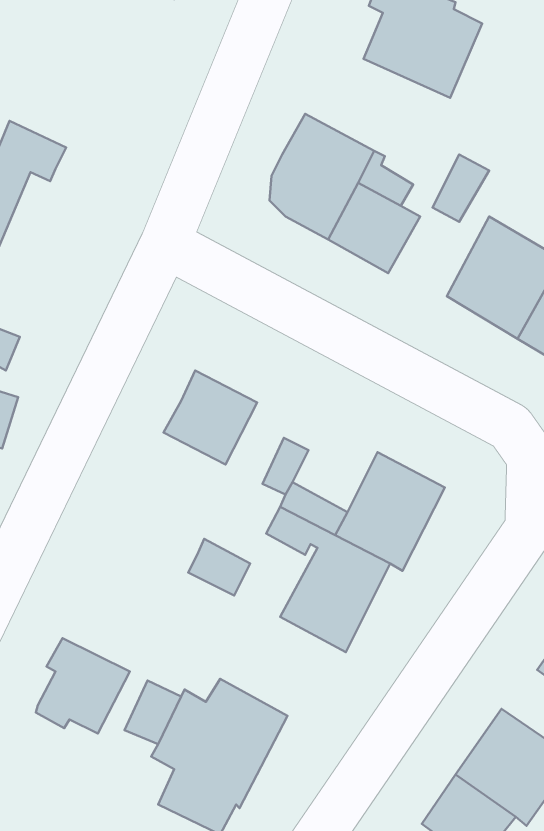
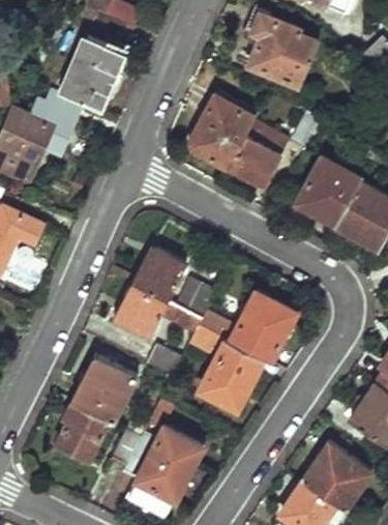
building: none -> [61,36,125,110]
building: none -> [112,282,167,337]
building: none -> [71,355,138,424]

